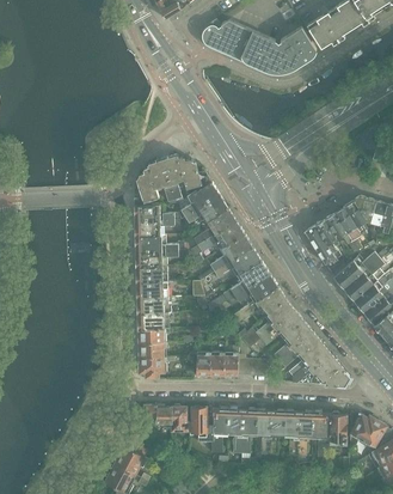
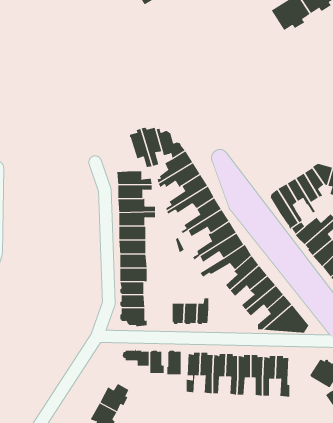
building: [202,20,318,74] -> none
building: [135,167,159,206] -> none
building: [330,413,349,446] -> none

